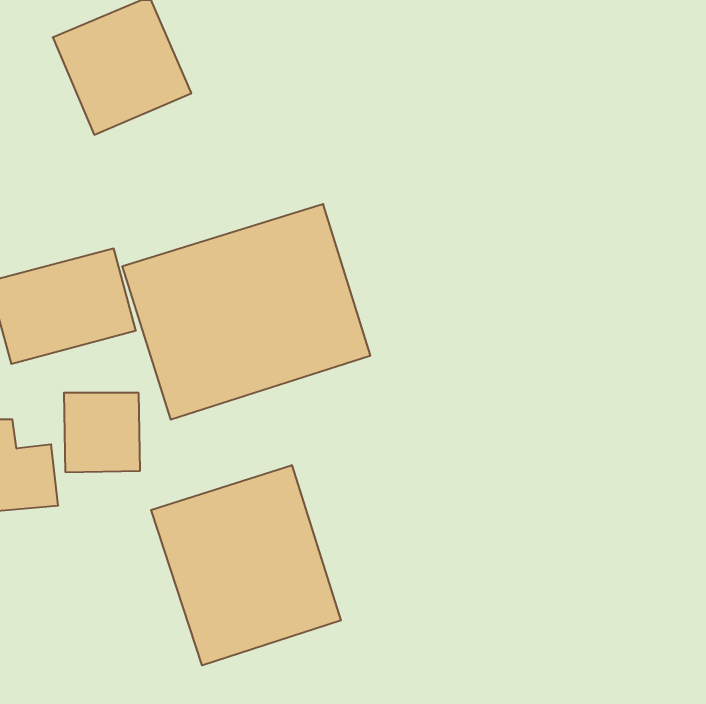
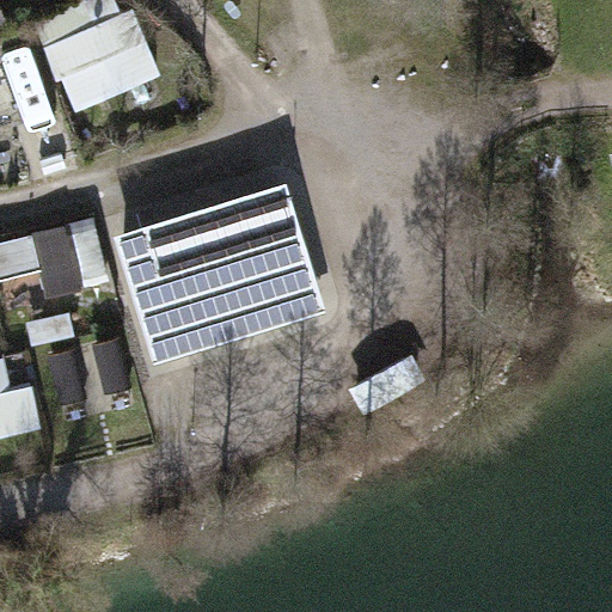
building: [151,465,341,665] -> none

